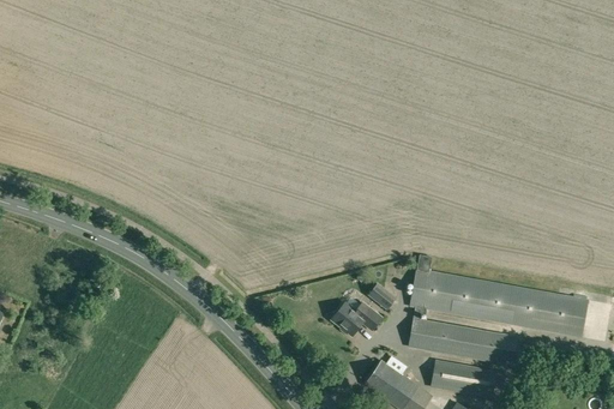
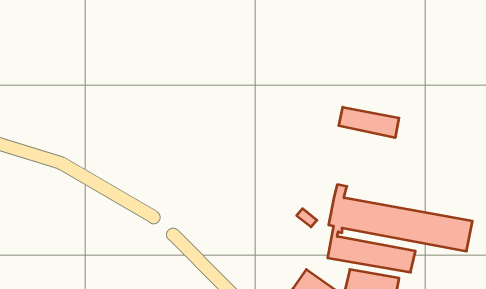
building: none -> [339,107,399,138]
building: [331,302,381,335] -> none

